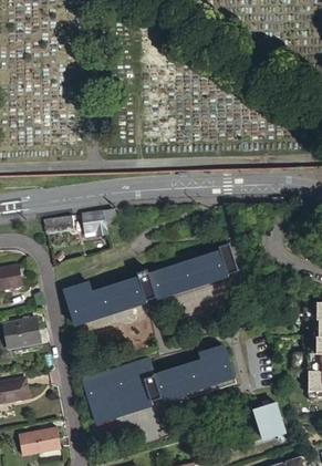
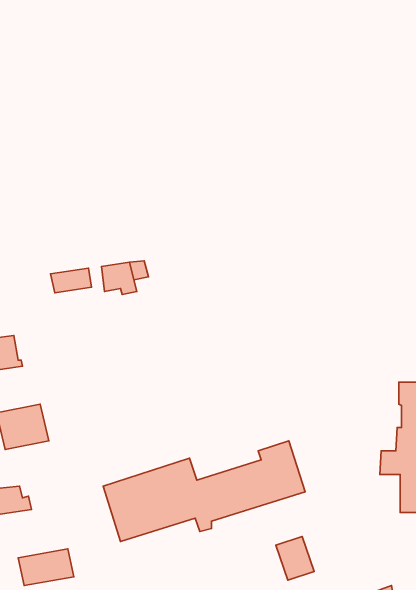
building: [64,244,238,324] -> none
building: [255,404,283,437] -> [276,536,314,580]

